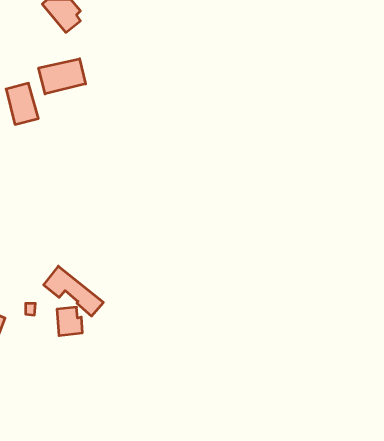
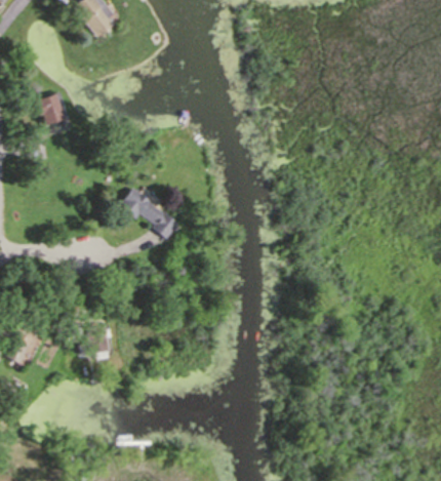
building: [39,59,86,94] -> none
building: [44,266,103,316] -> [120,189,183,241]

